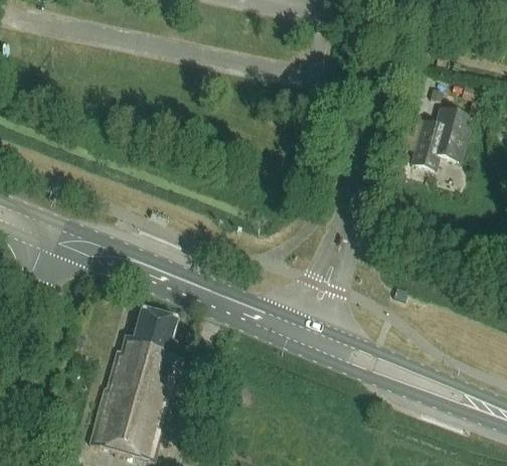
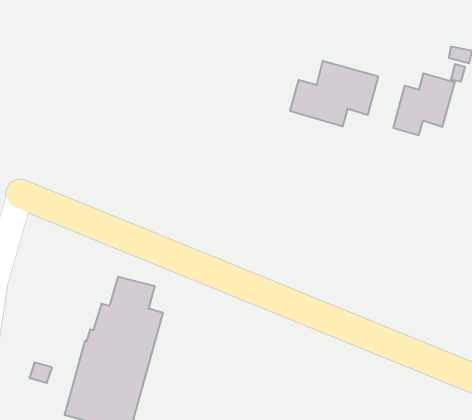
building: none -> [290,61,378,126]

